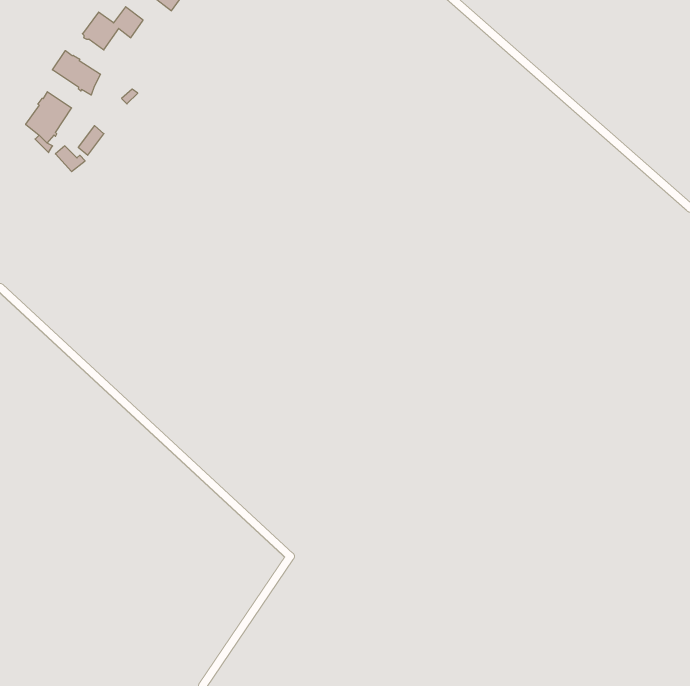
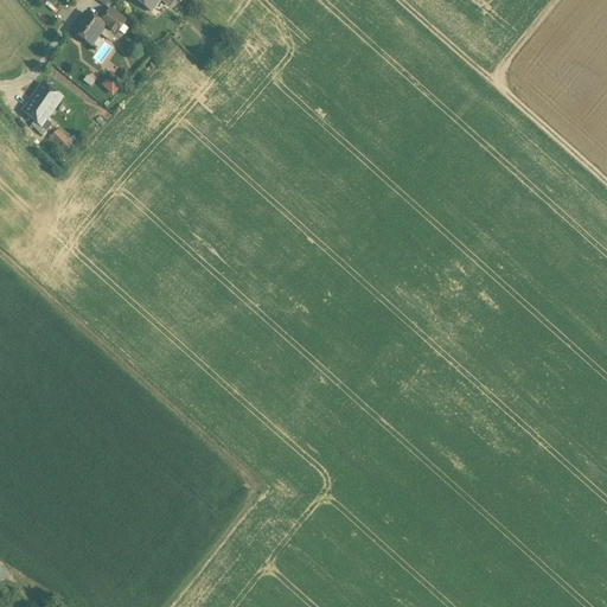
building: [52,51,100,95] -> none

